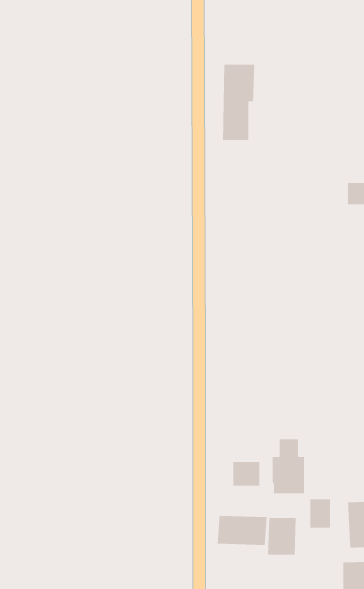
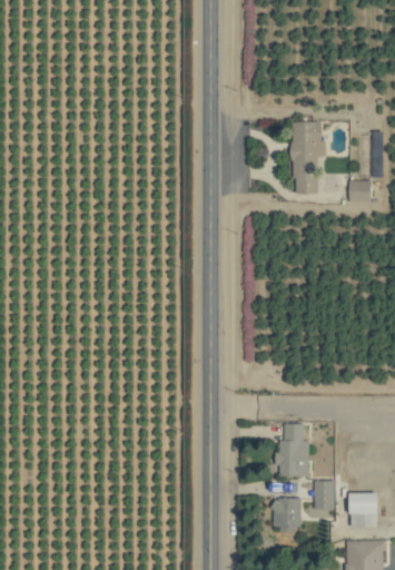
building: [222,64,255,141] -> [292,121,323,194]
building: [233,461,260,487] -> none
building: [217,515,267,546] -> none

